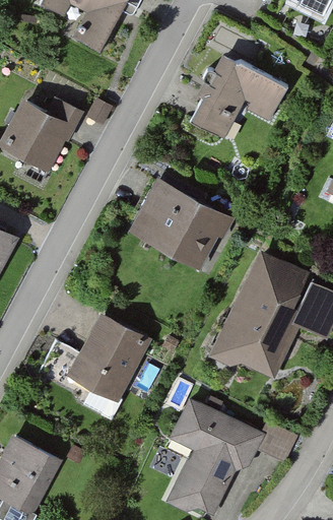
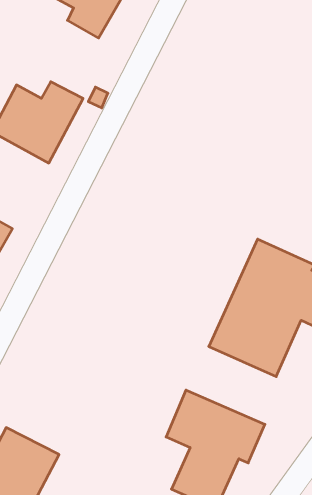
building: [193,55,291,137] -> none
building: [127,179,234,272] -> none
building: [44,310,152,402] -> none

